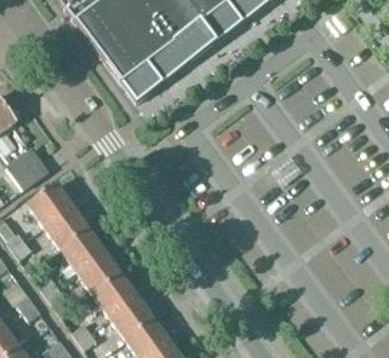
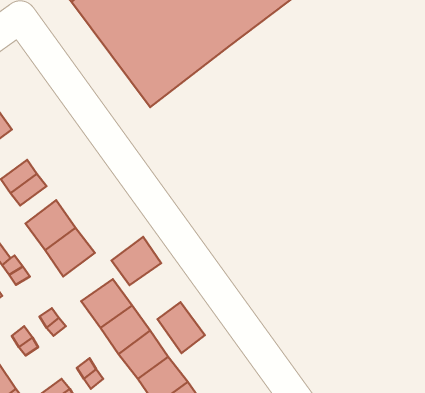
building: [61,229,104,271] -> [111,237,161,285]
building: none -> [158,302,205,353]

